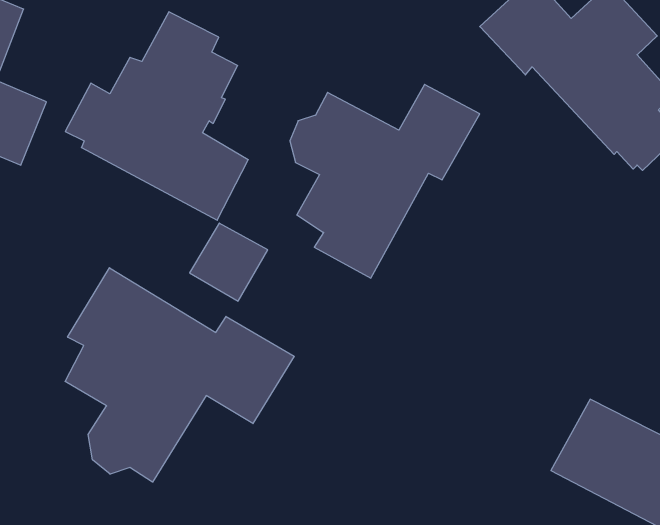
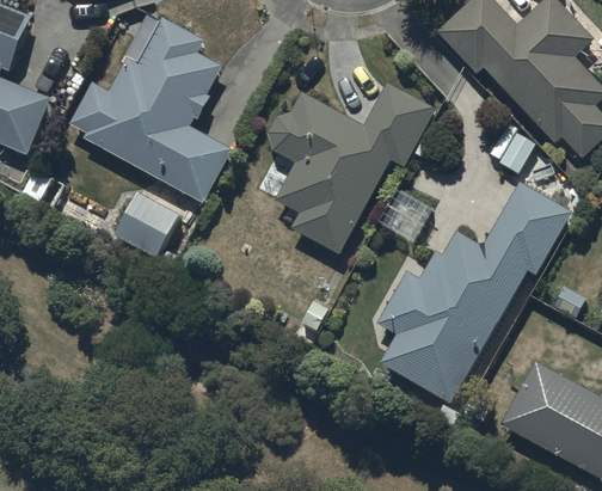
building: none -> [376,182,571,403]
building: [190,223,268,301] -> [111,190,180,259]
building: [65,268,294,482] -> none

